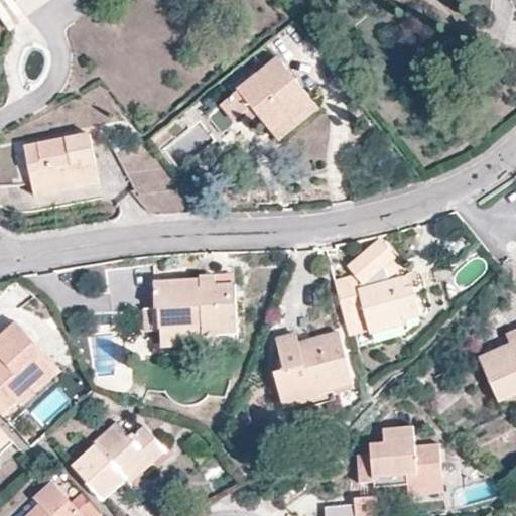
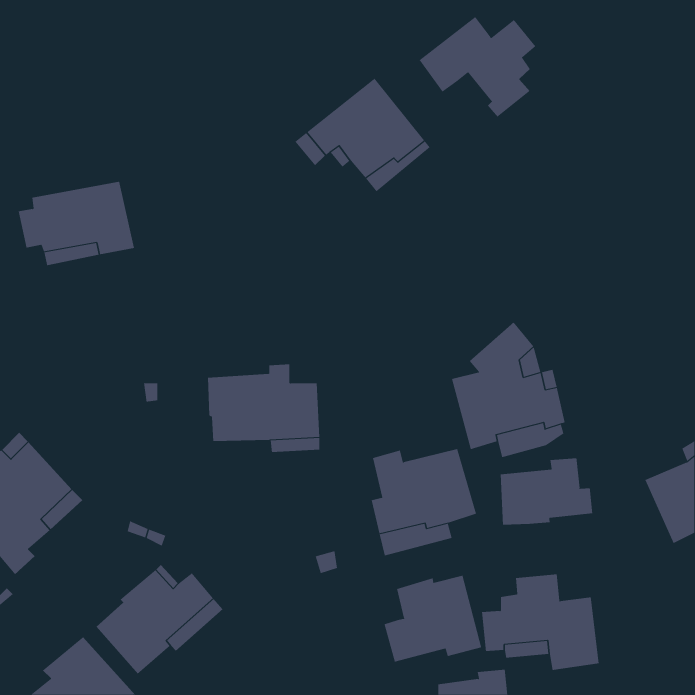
building: none -> [419,16,536,117]
building: none -> [500,458,593,525]
building: none -> [384,575,482,662]

